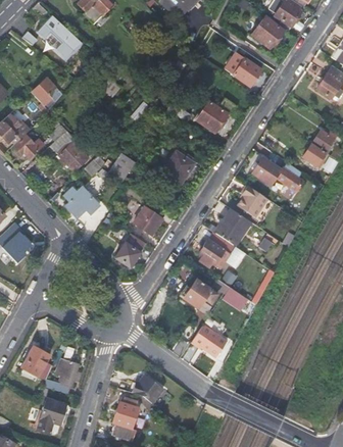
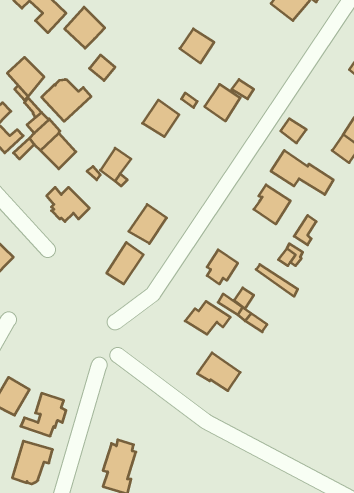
building: none -> [65,7,105,48]
building: [233,57,261,86] -> [180,29,214,63]
building: none -> [42,79,91,121]
building: [162,152,193,183] -> [142,100,179,137]
building: [214,208,248,244] -> none
building: [128,374,158,400] -> none

